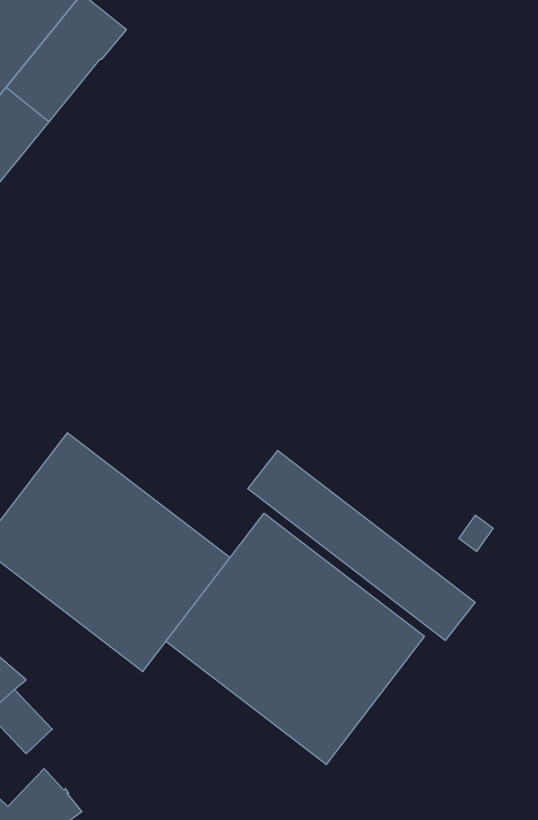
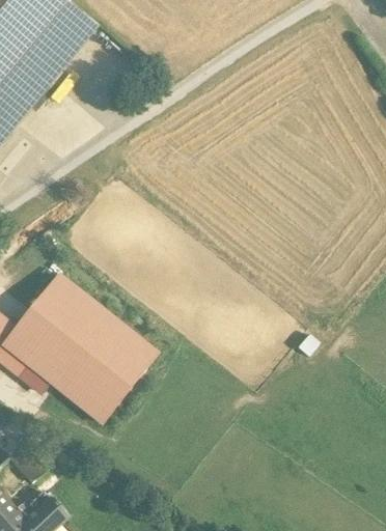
building: [248,451,475,640] -> none
building: [166,513,424,765] -> none

